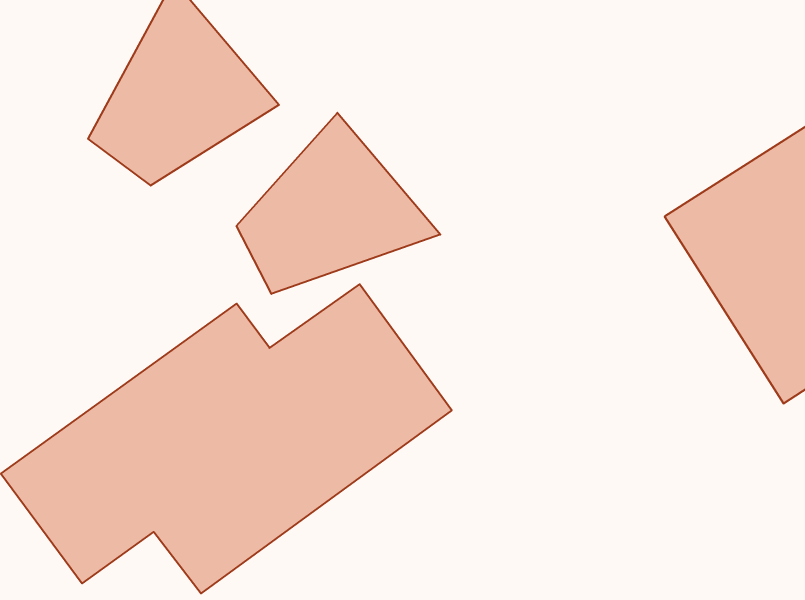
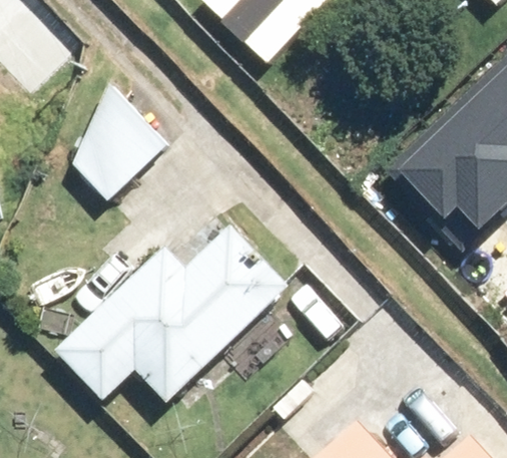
building: [237,113,440,294] -> none

